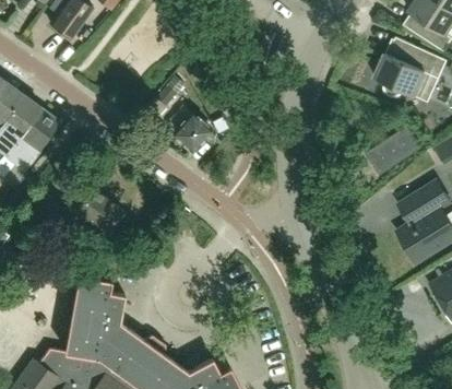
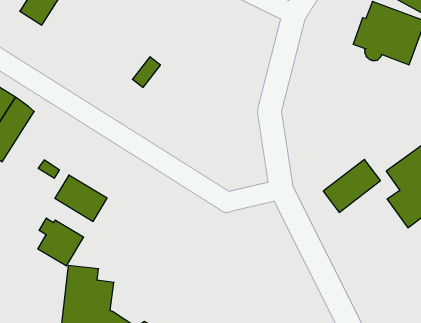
building: [173,114,209,150] -> none
building: [366,125,423,175] -> [323,159,380,212]
building: none -> [38,218,84,266]

